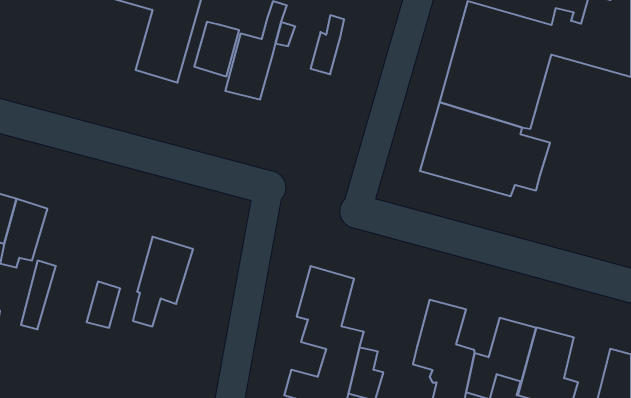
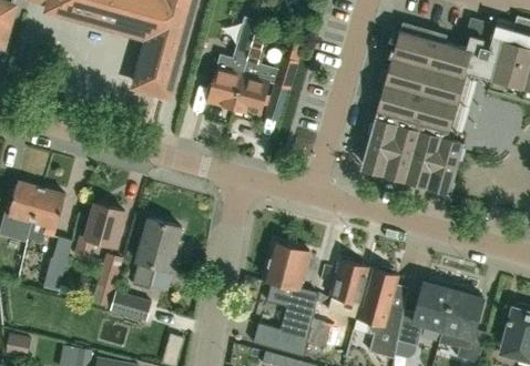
building: [194,22,239,76] -> [234,73,269,116]
building: none -> [75,203,124,257]
building: none -> [330,260,368,304]
building: none -> [109,291,152,322]

